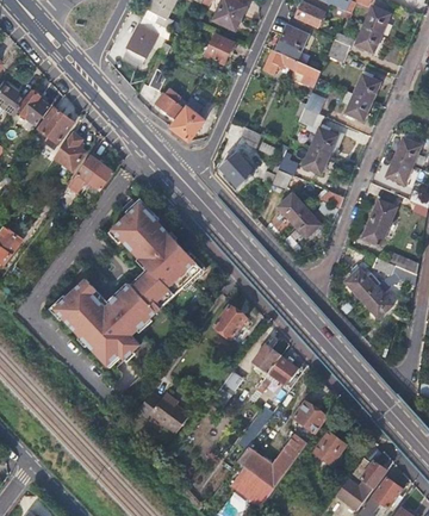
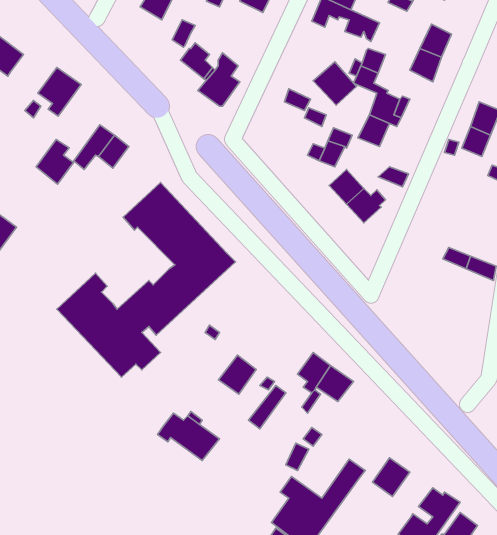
building: [14,89,48,126] -> none
building: [52,135,83,172] -> [36,139,74,184]
building: [218,151,254,187] -> [313,62,356,105]
building: [361,198,394,244] -> none
building: [346,268,392,318] -> none
building: [213,306,244,338] -> [219,355,256,394]
building: [293,400,325,431] -> none

